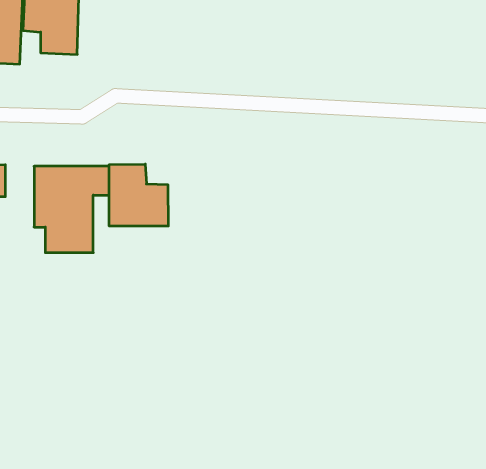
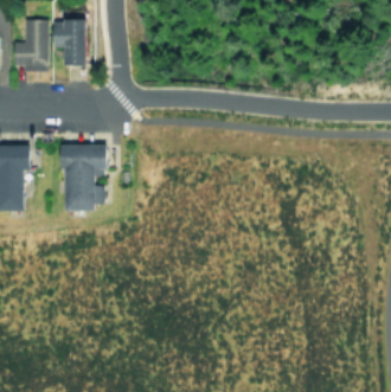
building: [109,164,168,226] -> none

